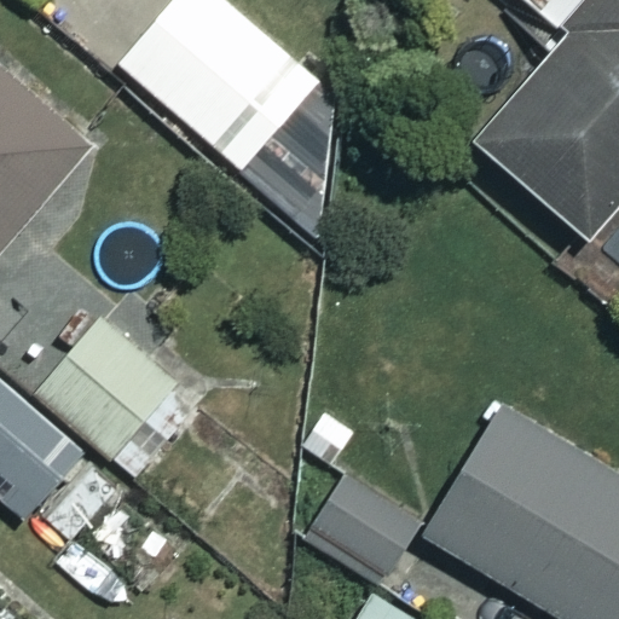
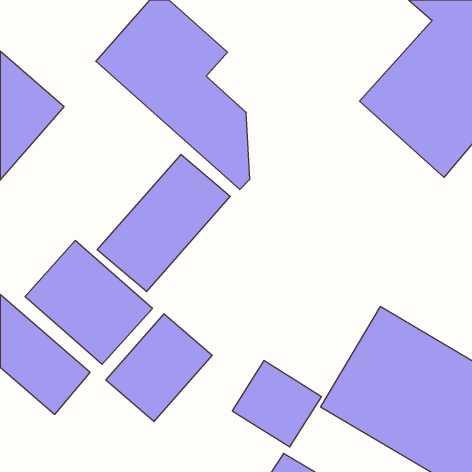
building: none -> [97,154,230,292]
building: none -> [106,314,212,422]

